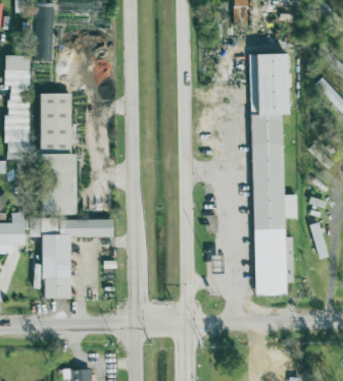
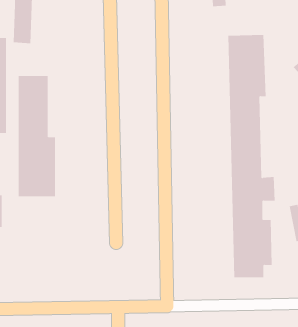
building: [31,219,112,298] -> none

